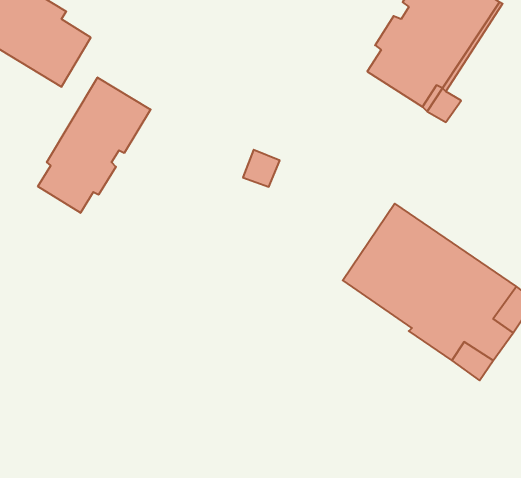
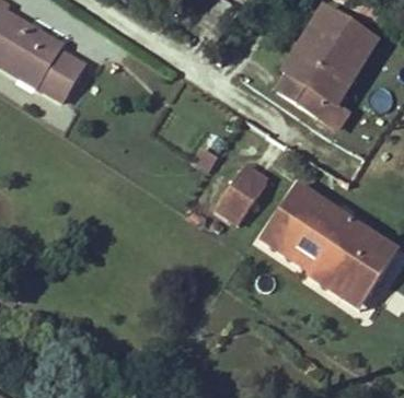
building: [38,77,151,213] -> none
building: none -> [217,165,269,224]

